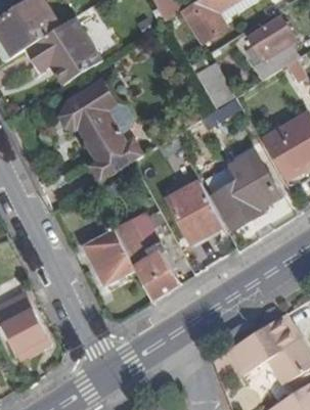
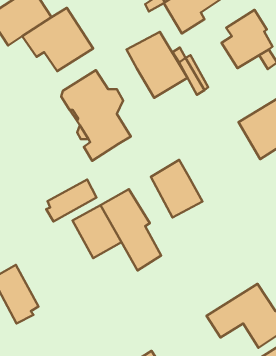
building: none -> [127,32,187,98]
building: [208,152,279,234] -> none
building: none -> [46,180,97,221]

